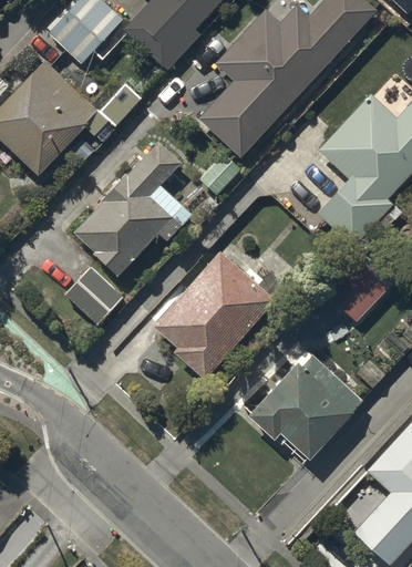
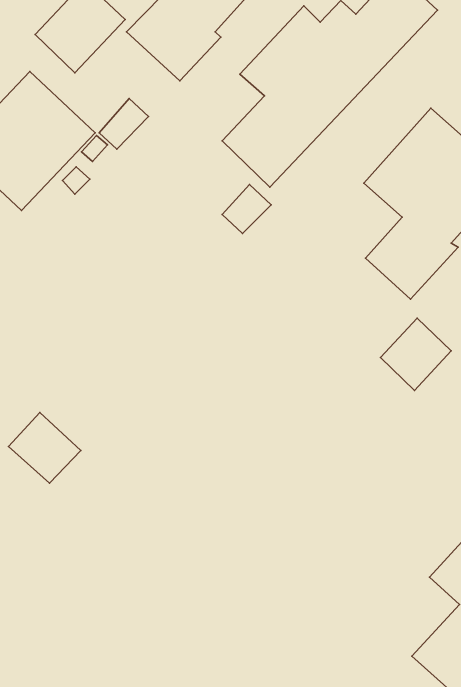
building: [71,141,189,277] -> none
building: [155,254,275,381] -> none
building: [64,267,123,324] -> [9,412,81,483]
building: [249,358,362,461] -> none

